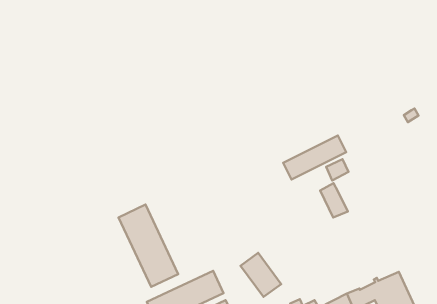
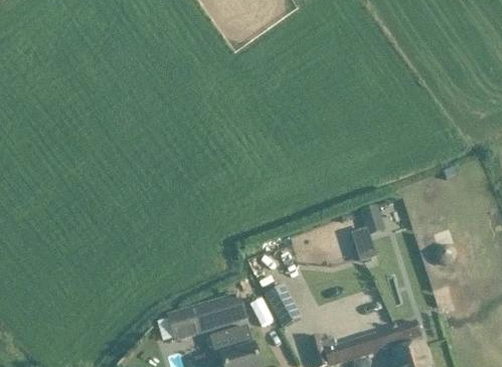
building: [283,136,346,180] -> none
building: [119,205,178,287] -> none

